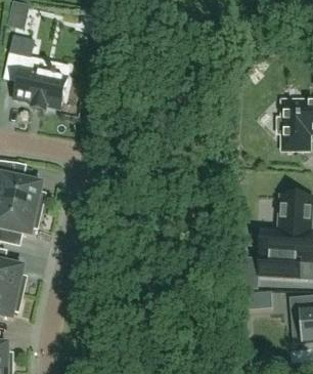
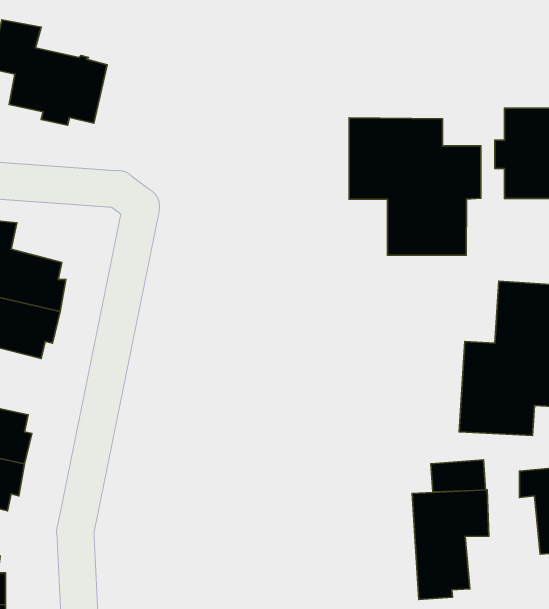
building: none -> [349,118,481,255]
building: none -> [412,490,489,600]

